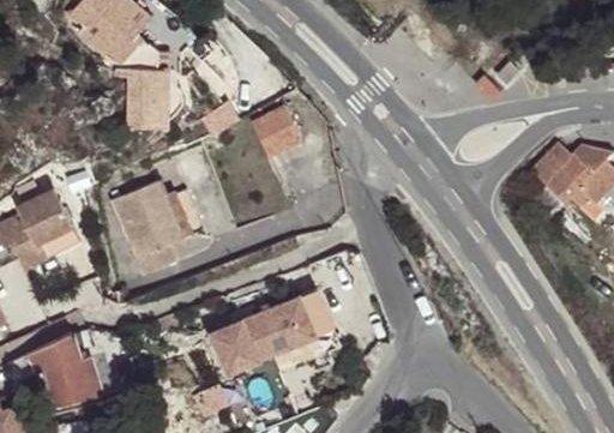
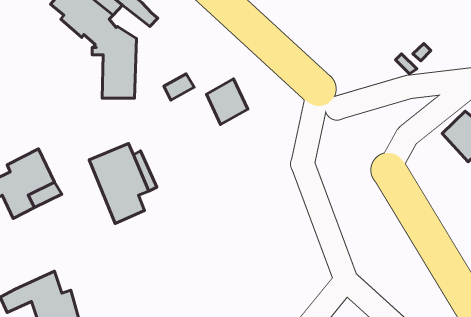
building: [211,289,333,373] -> none

